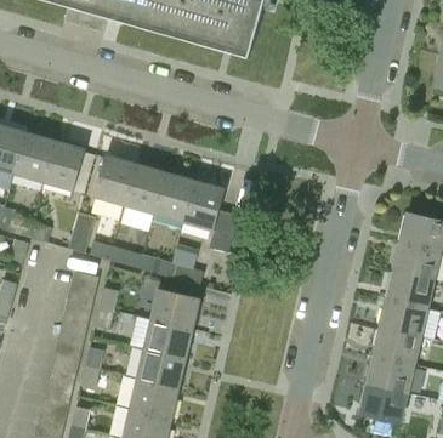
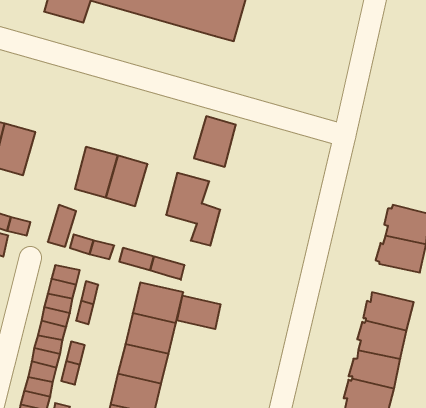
building: [44,140,86,190] -> none
building: [154,171,195,221] -> [194,116,236,167]
building: [386,269,435,307] -> none
building: none -> [177,296,221,329]

